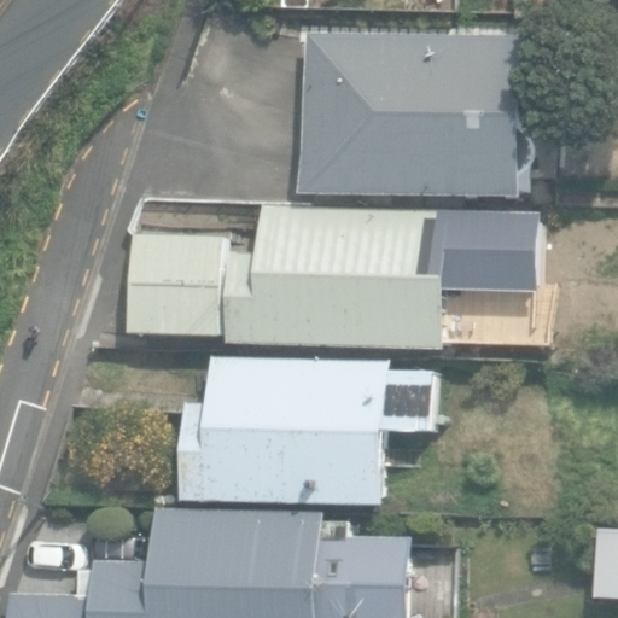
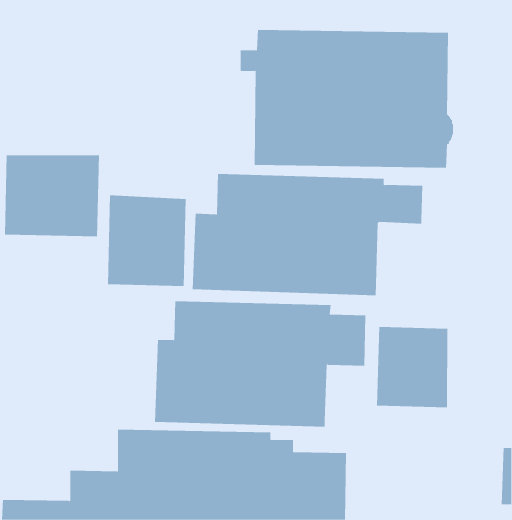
building: none -> [4,155,99,237]
building: none -> [377,326,448,408]

